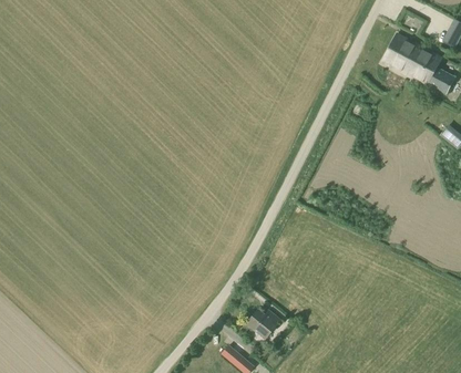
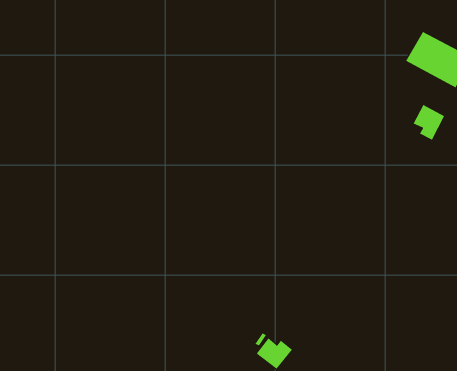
building: none -> [413,104,445,141]

